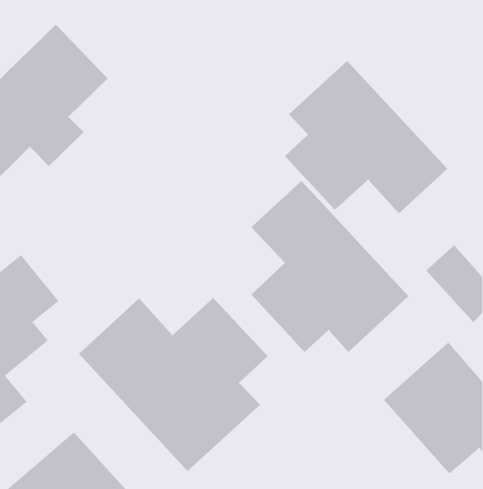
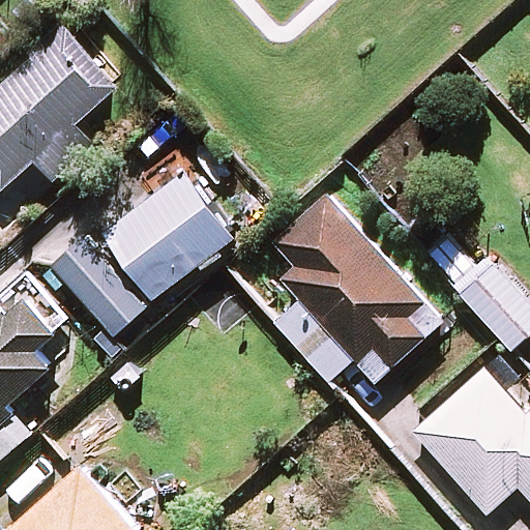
building: [284,60,448,214] -> none
building: none -> [51,171,234,335]
building: [78,297,268,472] -> none

